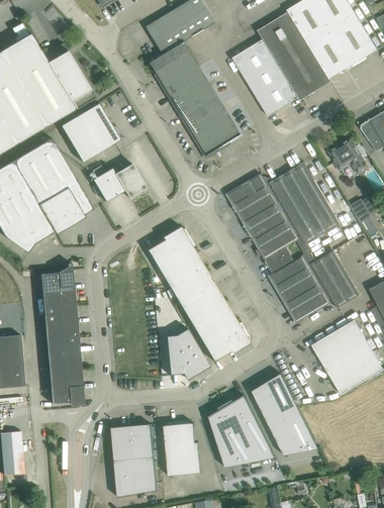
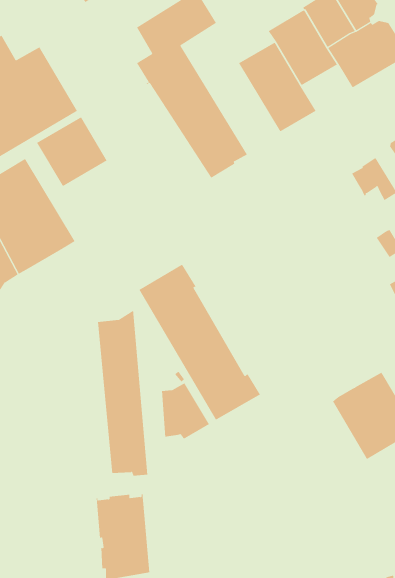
building: [285,59,330,100] -> none
building: [231,163,359,320] -> none
building: [92,164,146,202] -> none
building: [39,265,83,406] -> [97,310,148,476]
building: [251,374,317,455] -> none
building: [207,396,275,467] -> none
building: [163,420,200,476] -> none

